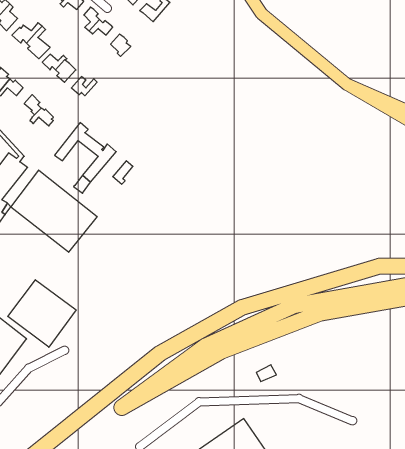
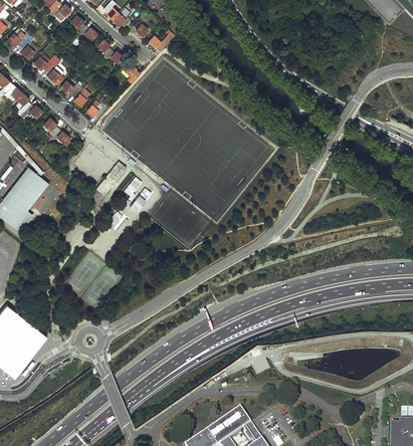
building: [11,170,97,252] -> none
building: [8,280,76,347] -> none

